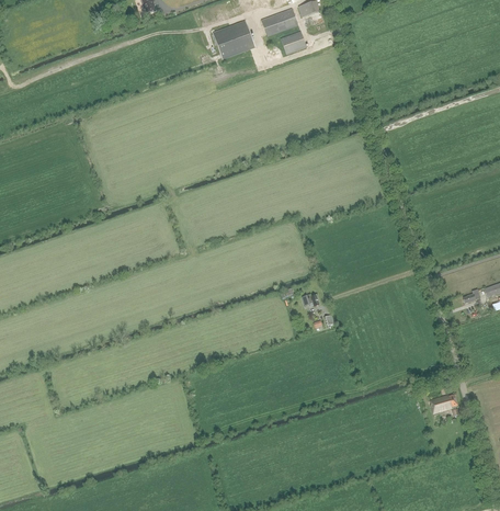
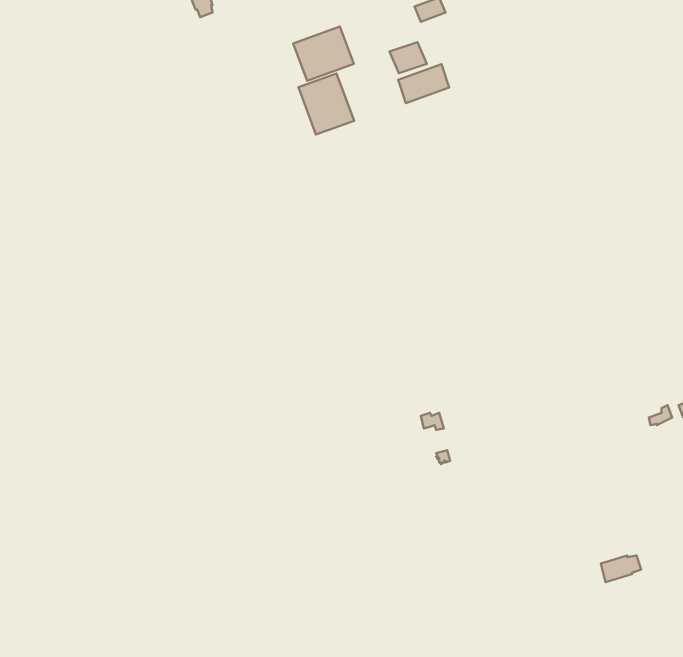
building: [261,9,297,36] -> [398,64,449,103]
building: none -> [298,74,354,135]

